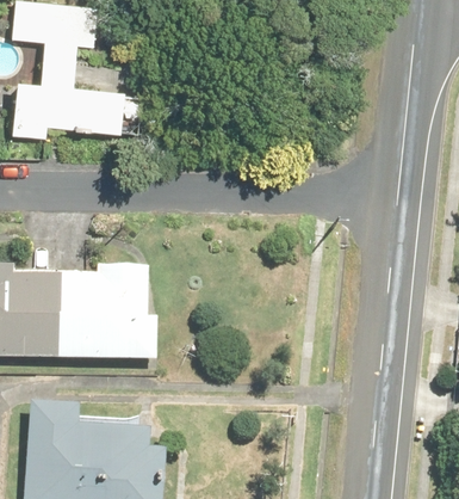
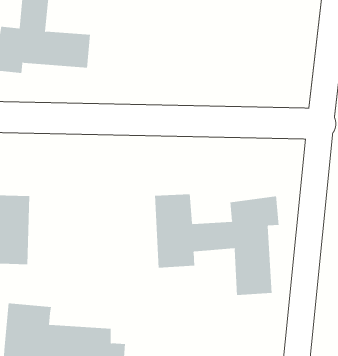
building: [55,267,159,358] -> none
building: none -> [154,193,279,296]

